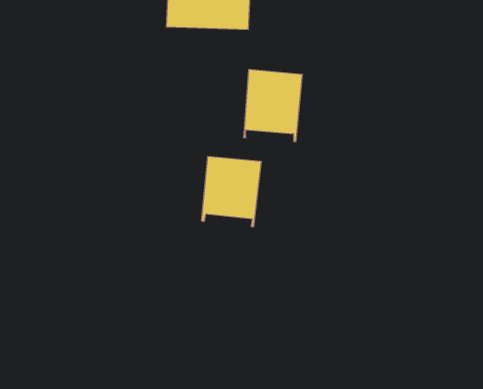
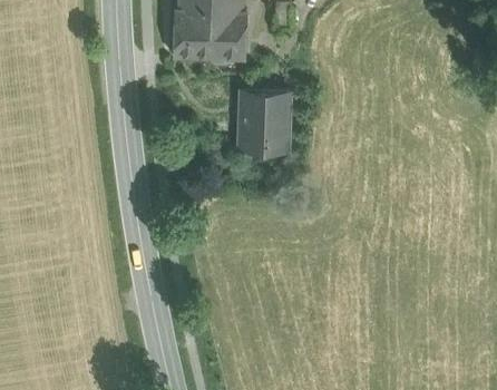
building: [202,156,261,227] -> none

